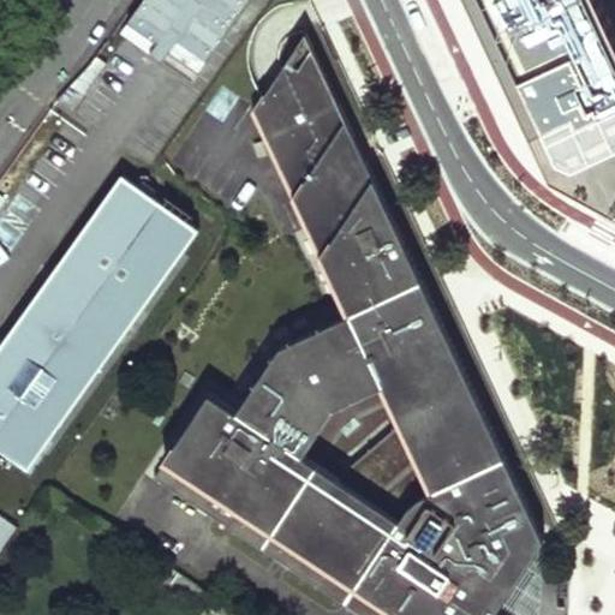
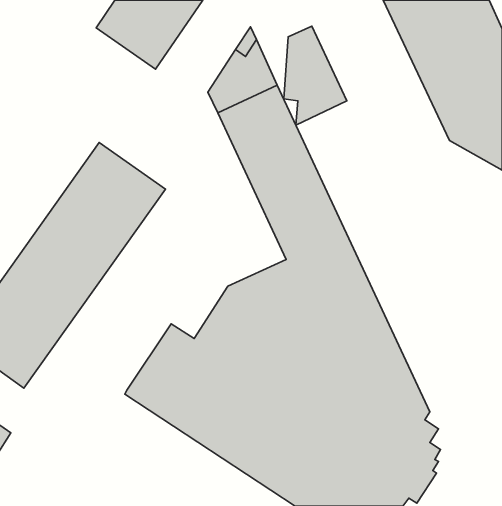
building: none -> [284,26,347,125]

